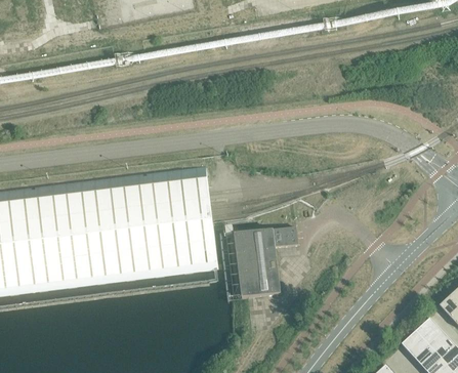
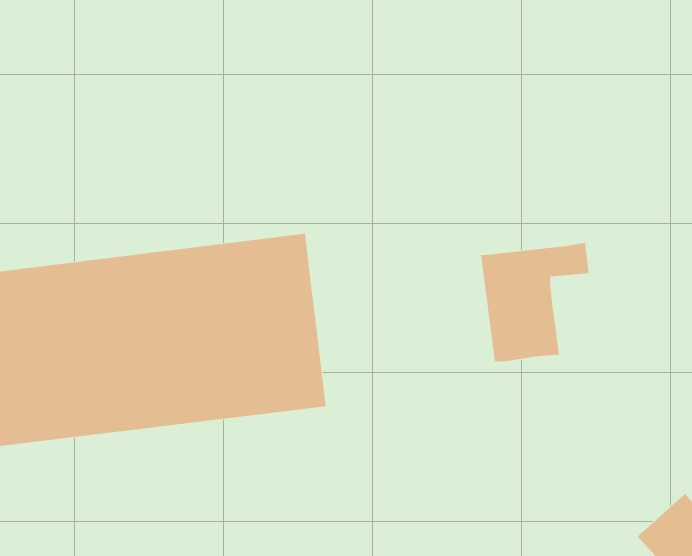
building: [233,227,297,298] -> [480,242,589,362]

